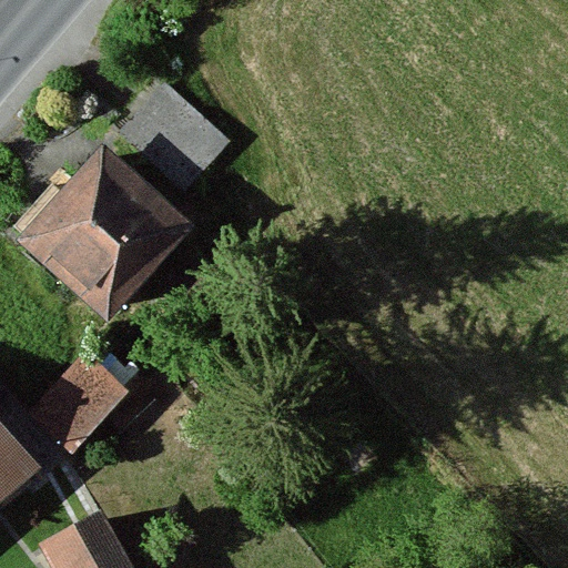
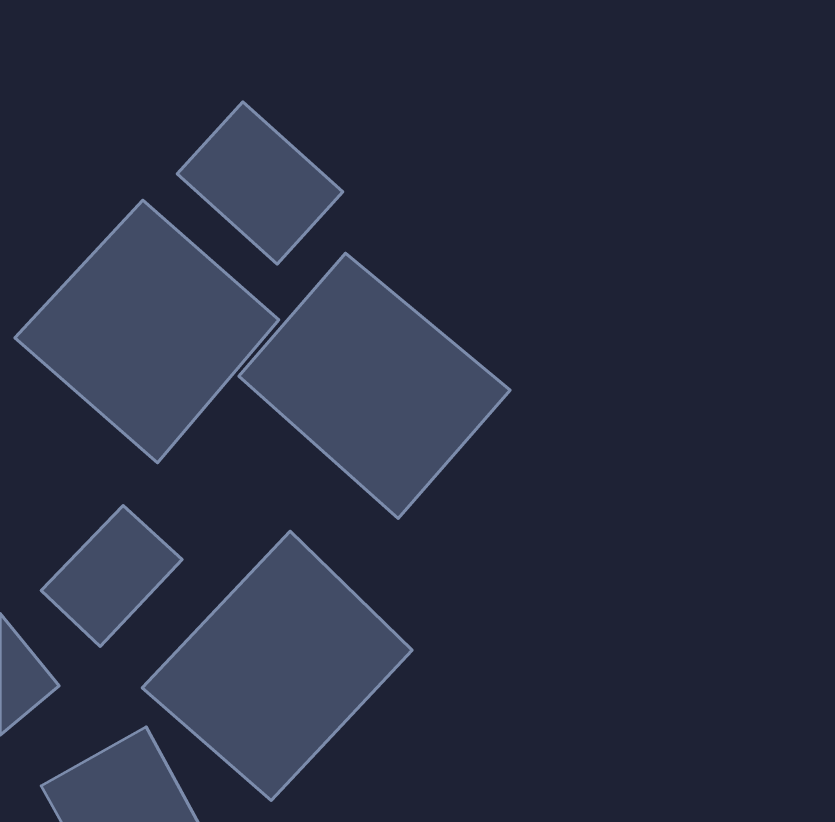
building: none -> [239,253,510,519]
building: none -> [142,531,412,800]

